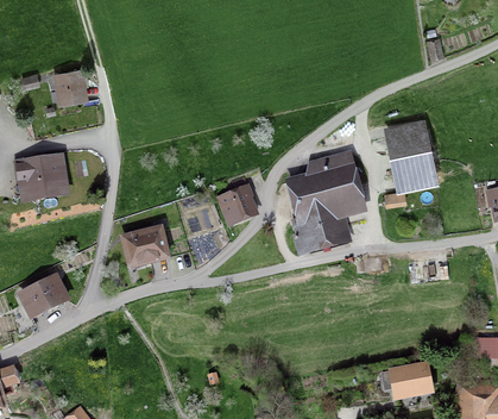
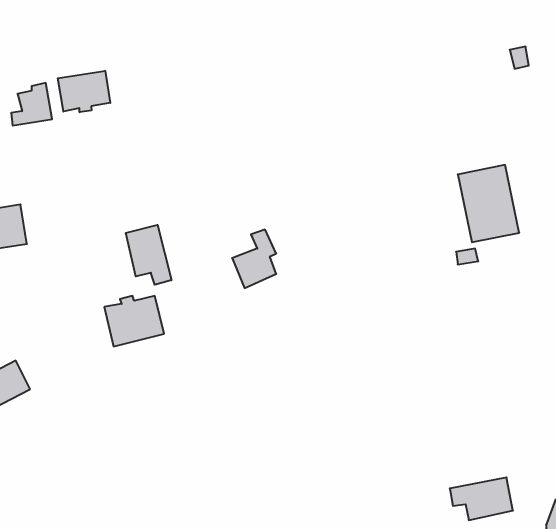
building: none -> [58,71,110,112]
building: [290,155,360,251] -> none
building: none -> [126,225,171,285]

